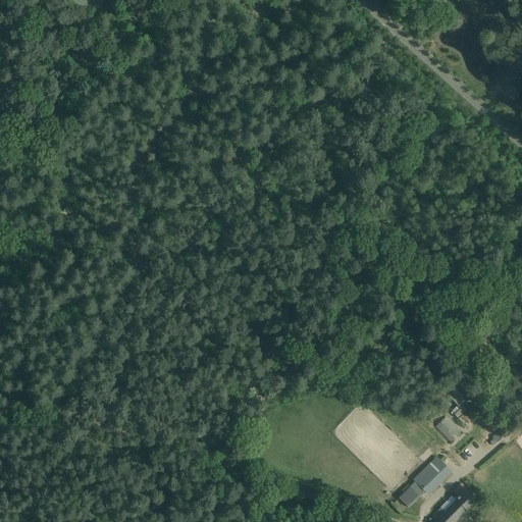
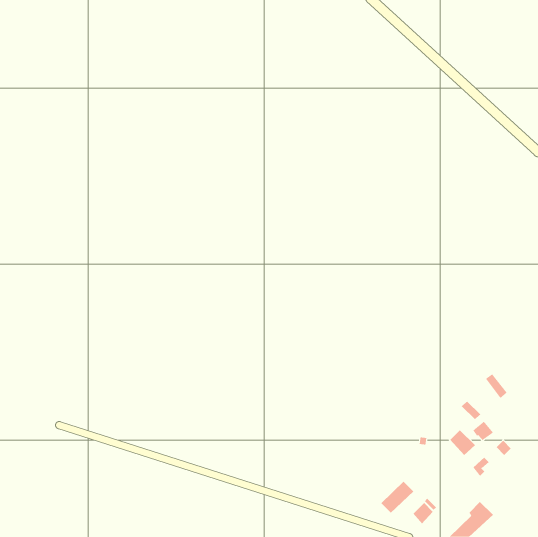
building: [417,460,450,491] -> [380,481,414,514]

